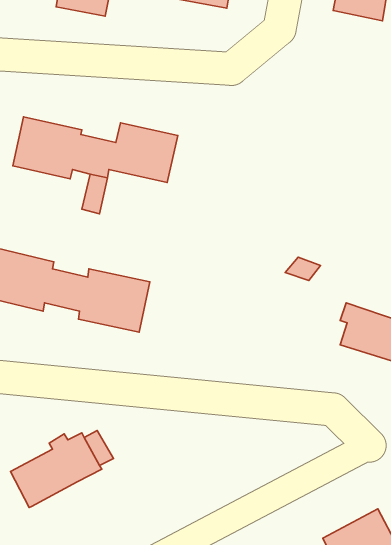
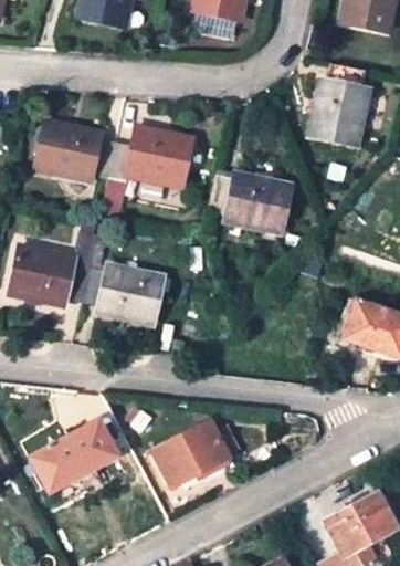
building: none -> [308,63,367,145]
building: none -> [211,172,291,231]
building: none -> [154,420,232,486]

